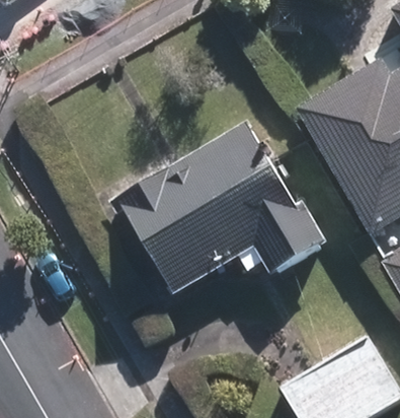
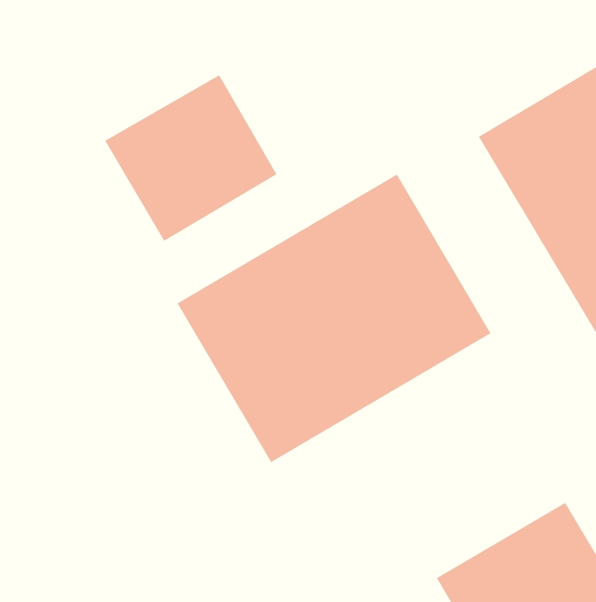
building: none -> [104,74,278,242]

